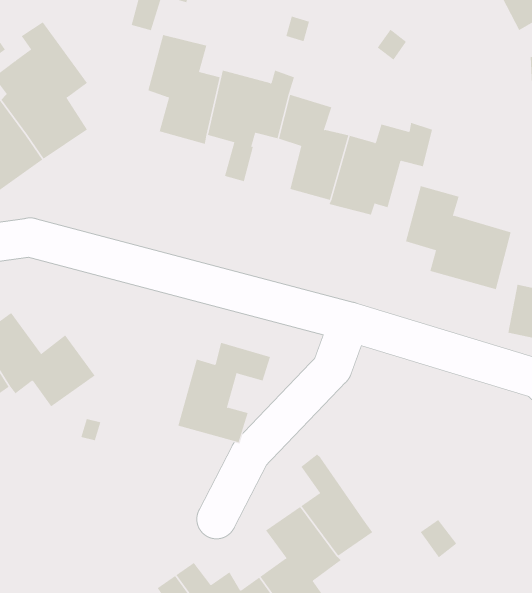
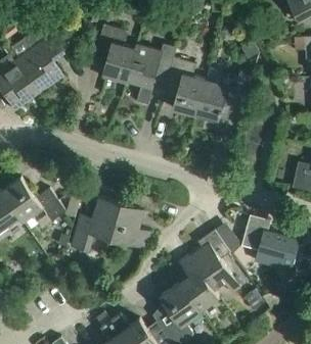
building: [405,185,512,290] -> [241,214,300,272]
building: none -> [72,196,122,251]
building: none -> [190,230,240,294]

